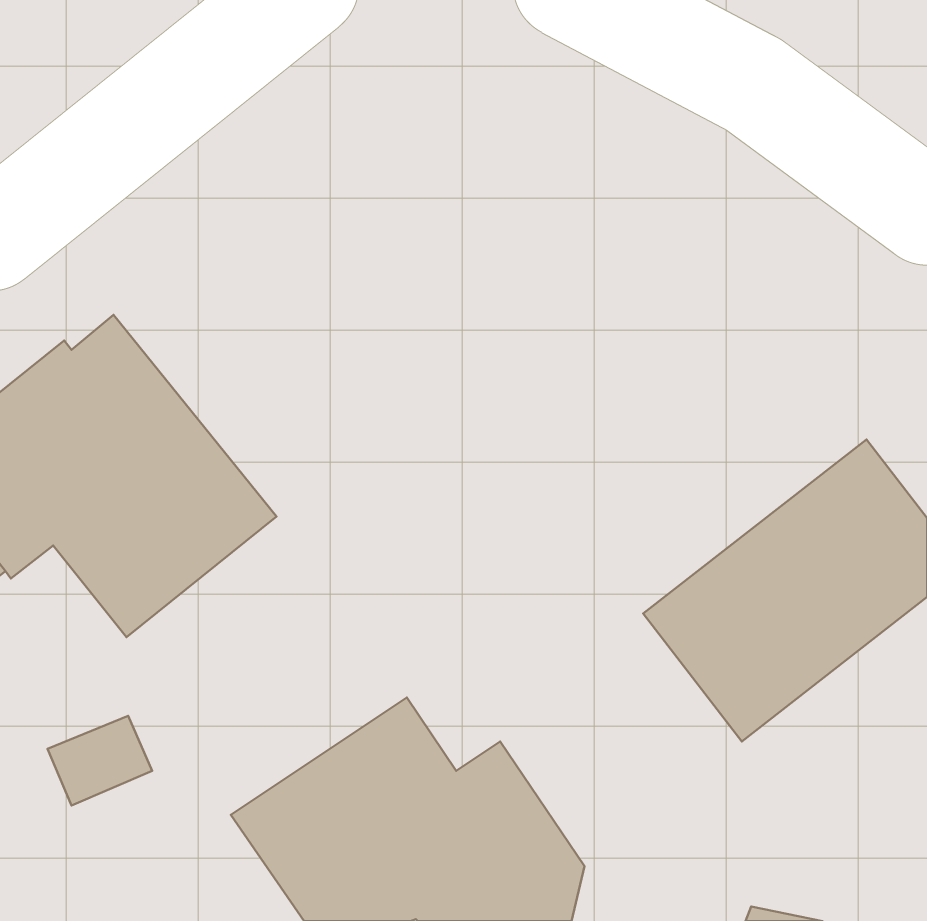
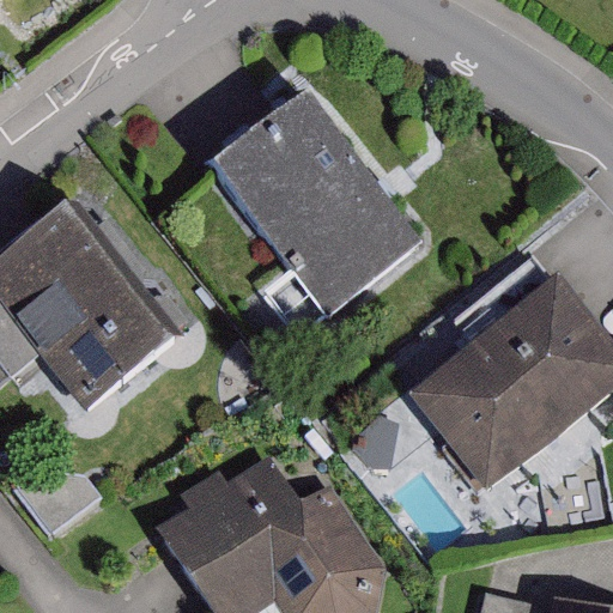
building: none -> [229,108,418,305]

